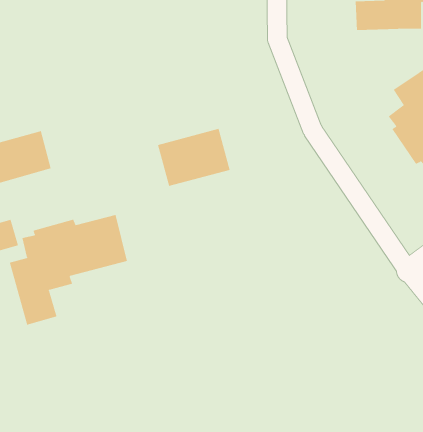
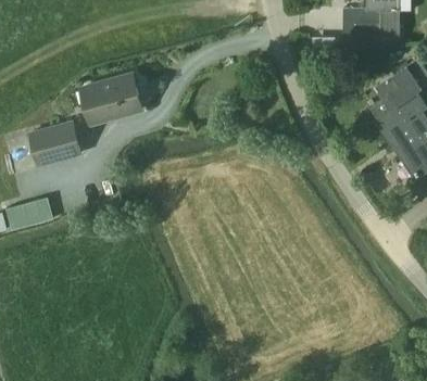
building: [157,128,231,186] -> [79,75,142,125]
building: [9,214,128,326] -> none

